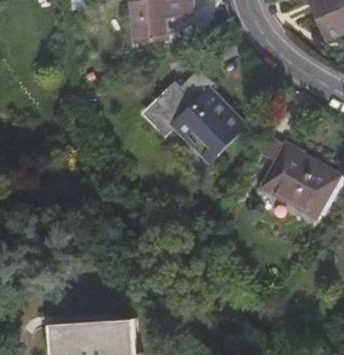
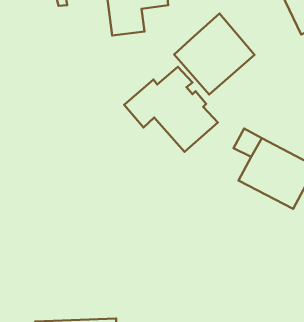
building: none -> [174,14,254,95]

